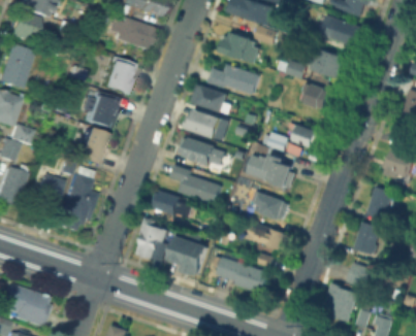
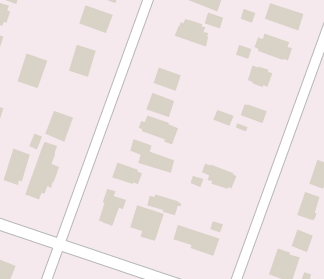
building: [209,63,260,94] -> none
building: [87,94,122,134] -> [16,53,49,89]
building: [247,157,294,190] -> none
building: [250,225,289,249] -> [146,193,182,216]

